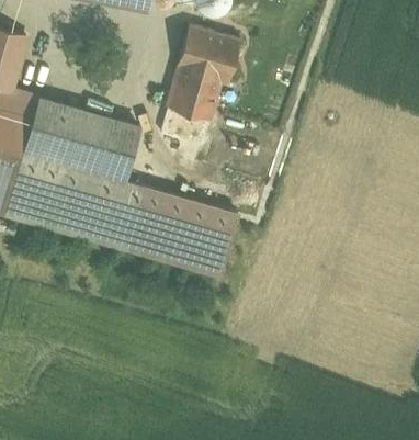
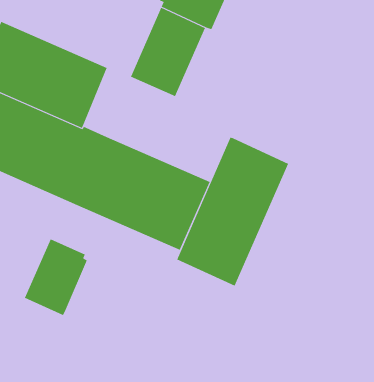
building: none -> [176,137,289,287]
building: none -> [24,238,88,316]

